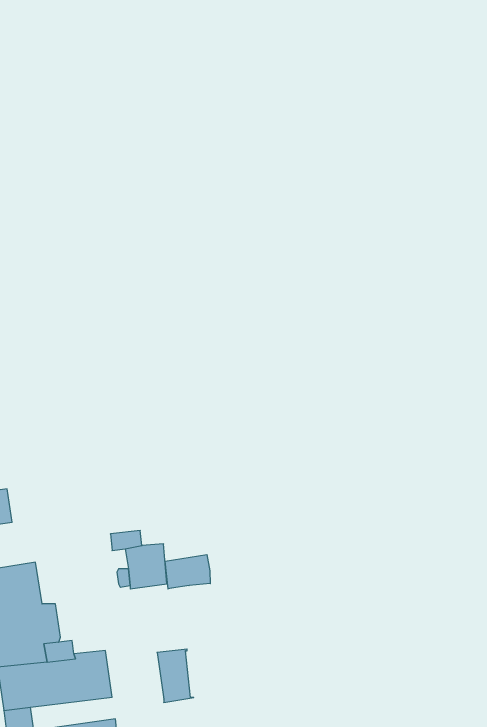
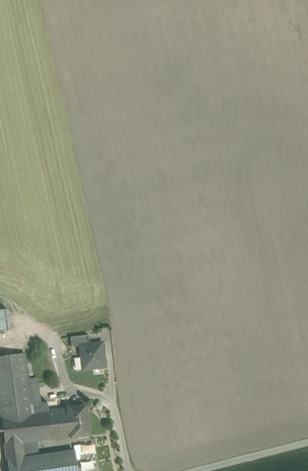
building: [165,555,210,589] -> none
building: [157,649,194,702] -> [67,405,89,438]

